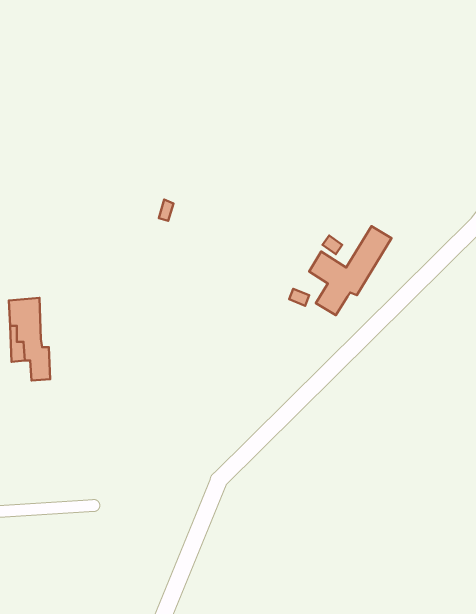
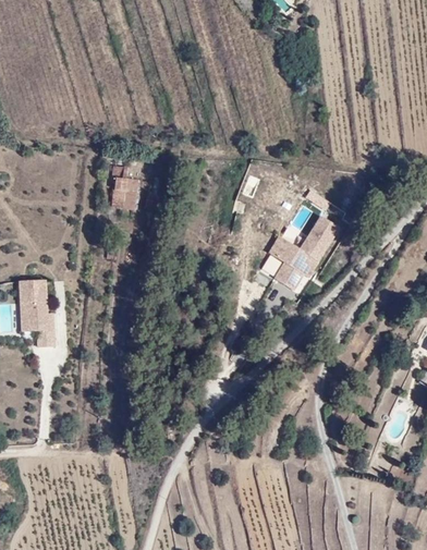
building: none -> [109,170,136,212]

